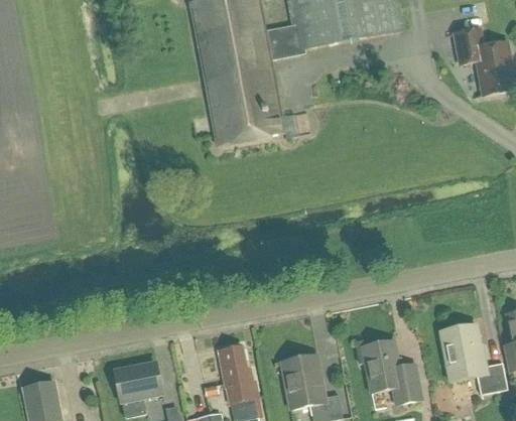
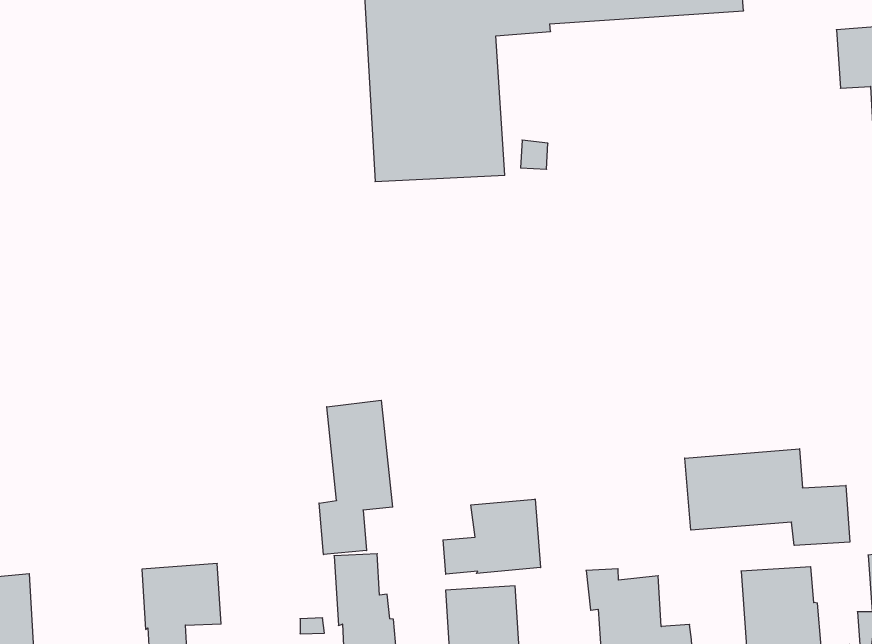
building: none -> [685,449,850,545]
building: none -> [319,400,393,555]
building: none -> [443,499,541,574]

